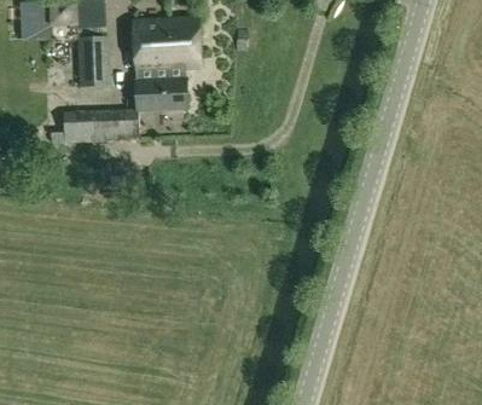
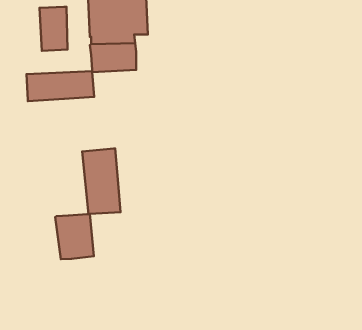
building: none -> [55,148,120,259]

